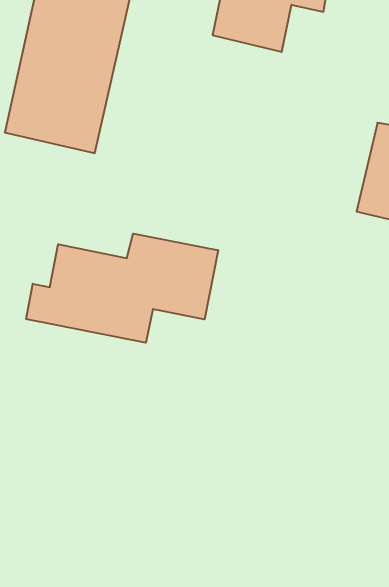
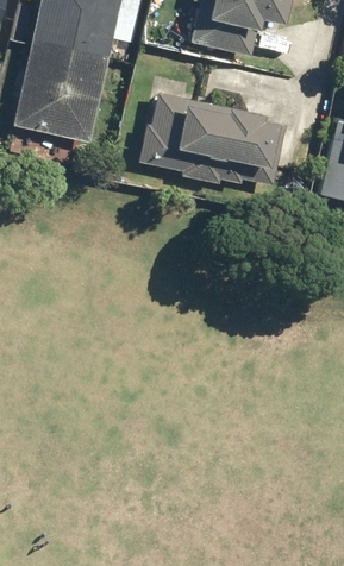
building: none -> [139,93,286,185]
building: [26,234,218,343] -> none

